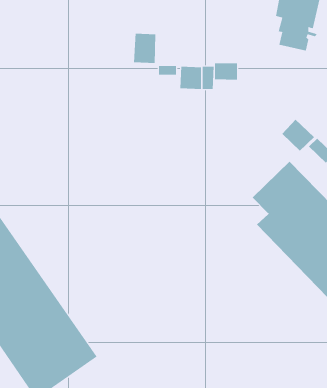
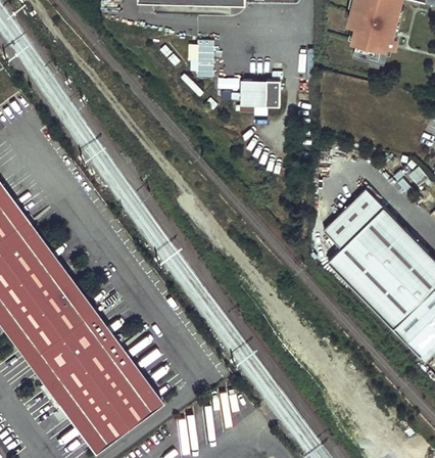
building: [214,63,238,80] -> none
building: [281,119,315,151] -> none

